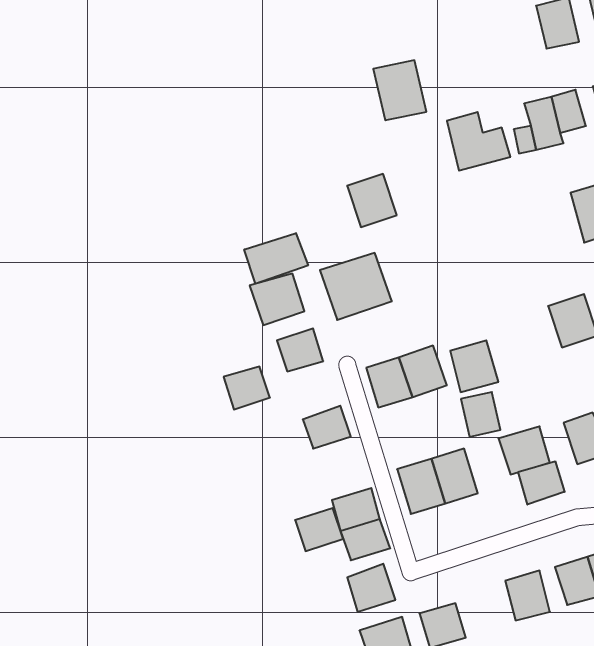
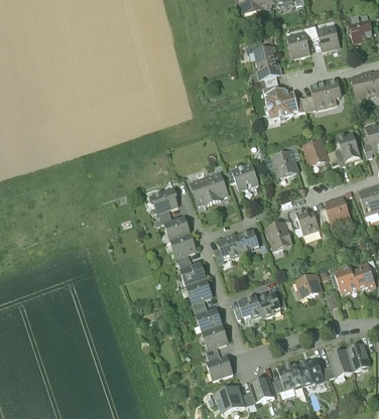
building: none -> [286,27,310,56]
building: [373,60,426,120] -> [251,44,282,80]
building: [347,174,397,227] -> [231,162,260,193]
building: none -> [301,139,329,168]
building: none -> [270,151,298,180]
building: [244,233,308,284] -> none
building: [224,367,270,410] -> [169,234,197,259]
building: [461,392,500,437] -> [297,212,321,238]
building: [518,461,565,505] -> none
building: [295,508,343,551] -> [184,278,213,303]
building: none -> [277,363,303,391]

